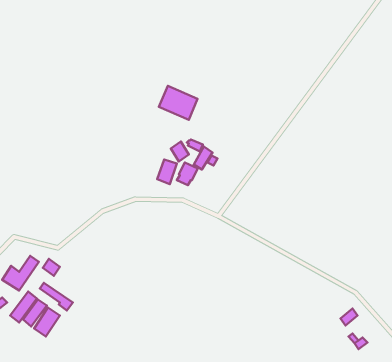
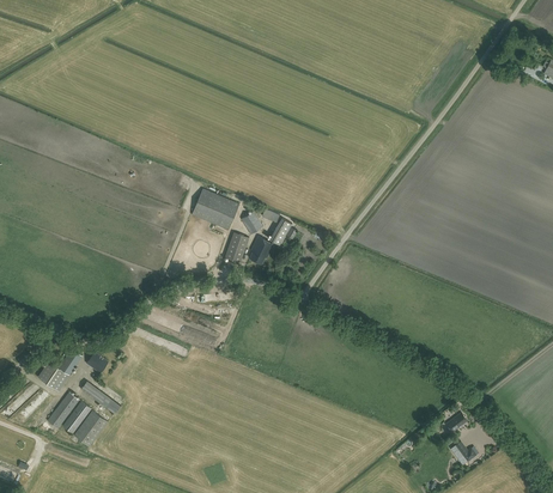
building: [159,86,198,120] -> [190,188,237,229]

